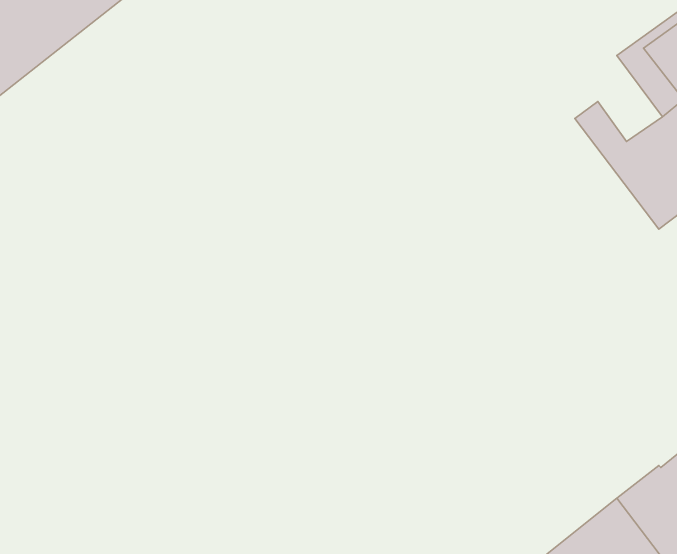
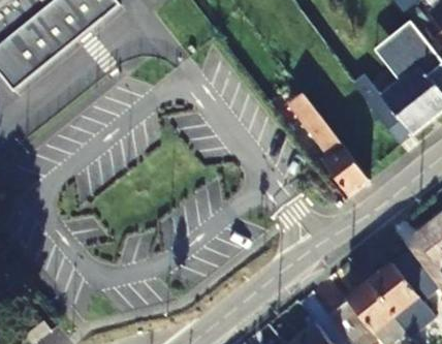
building: none -> [289,93,367,192]

